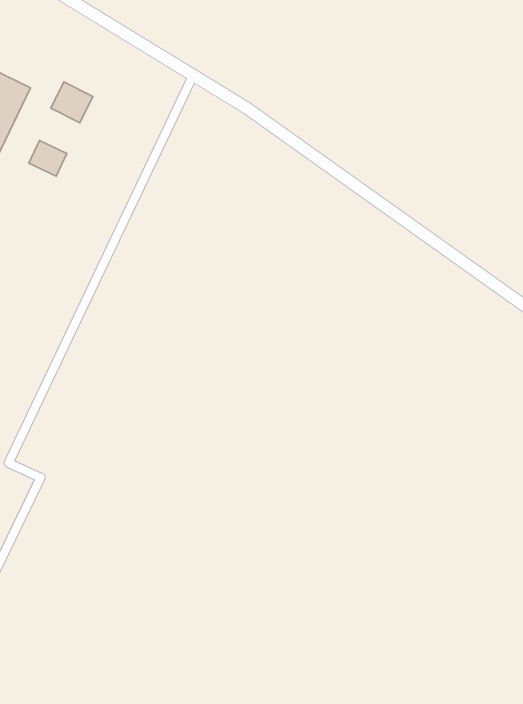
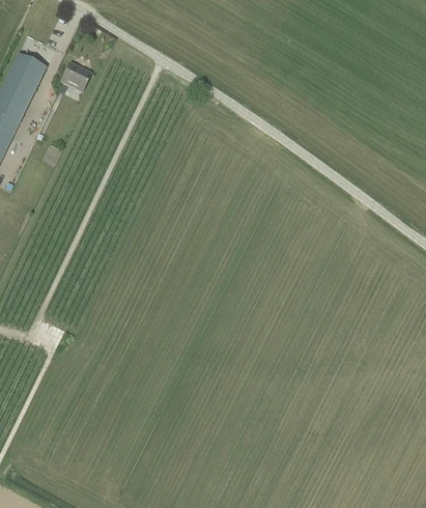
building: [29,140,67,176] -> none

